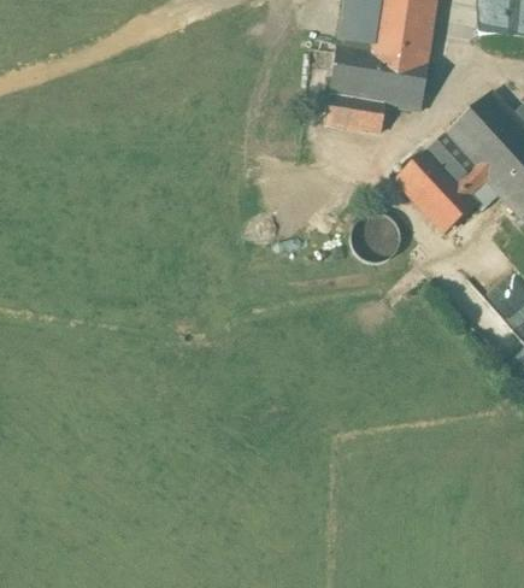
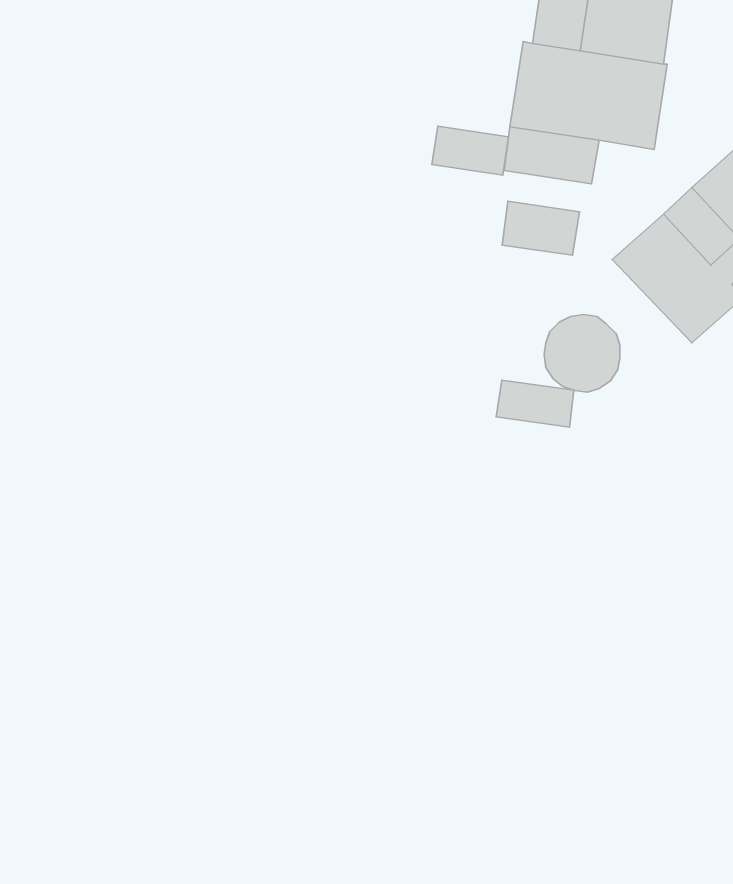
building: none -> [432,126,509,175]
building: none -> [502,201,580,255]
building: none -> [496,380,574,427]

